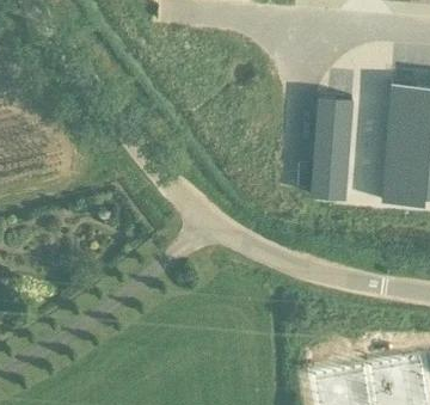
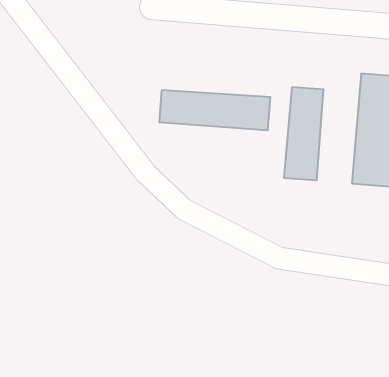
building: none -> [159,90,270,130]

